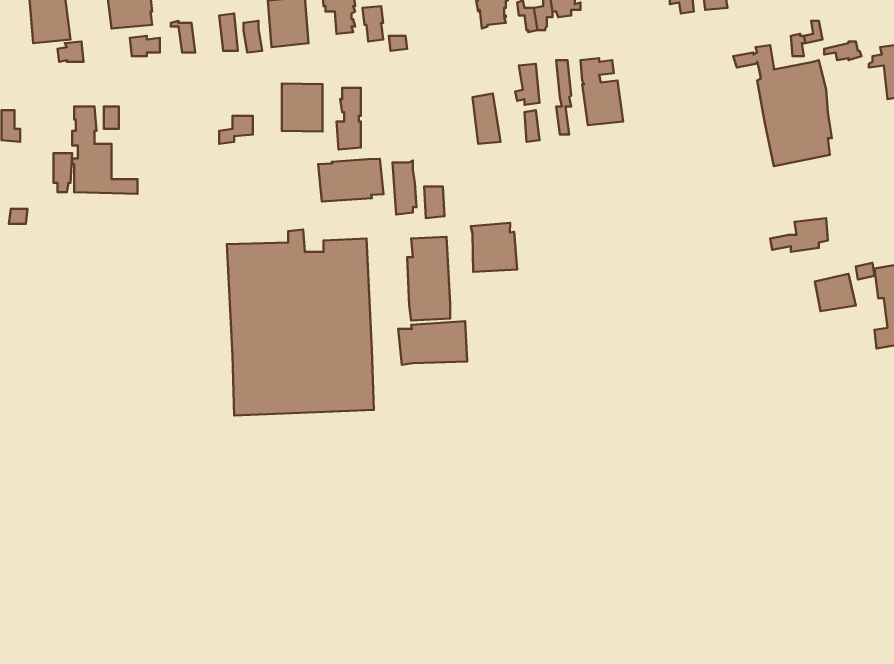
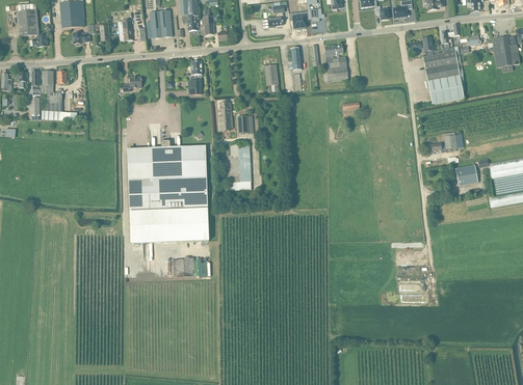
building: [282,84,322,131] -> none
building: [318,159,383,202] -> none
building: [471,223,517,272] -> none
building: [398,321,467,365] -> none

